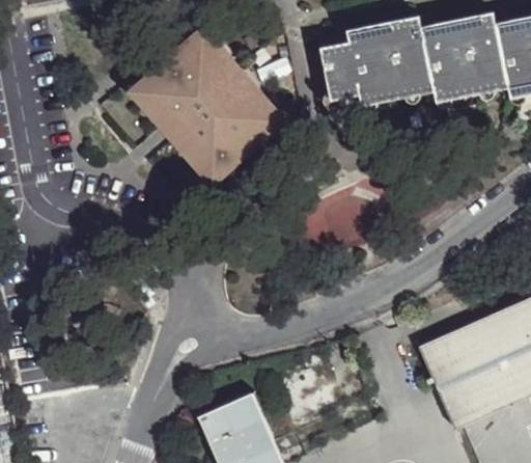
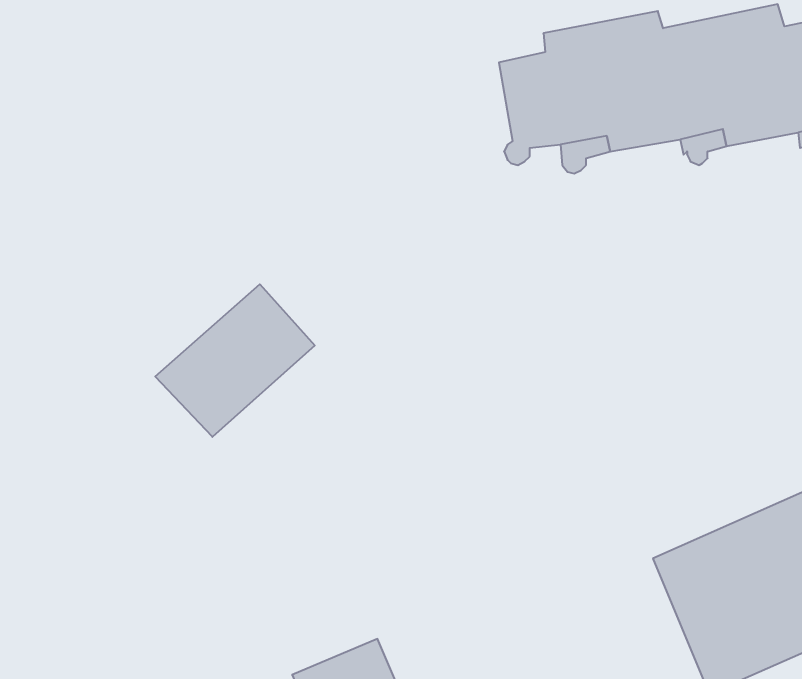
building: [131,21,297,194] -> none
building: none -> [155,284,315,437]

